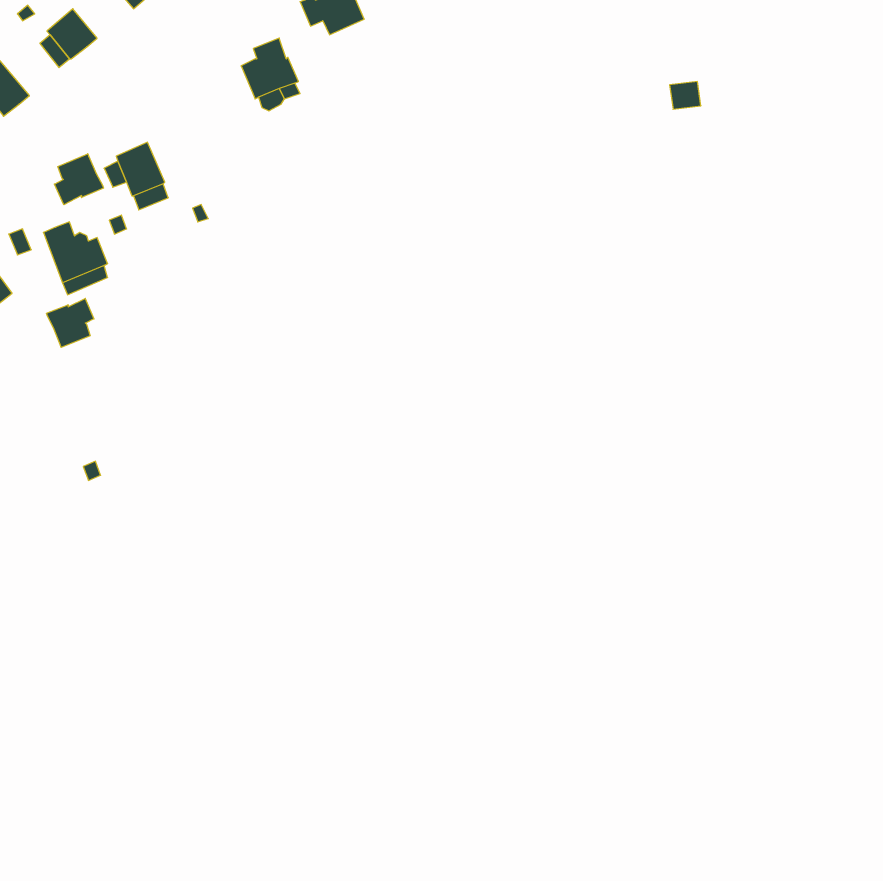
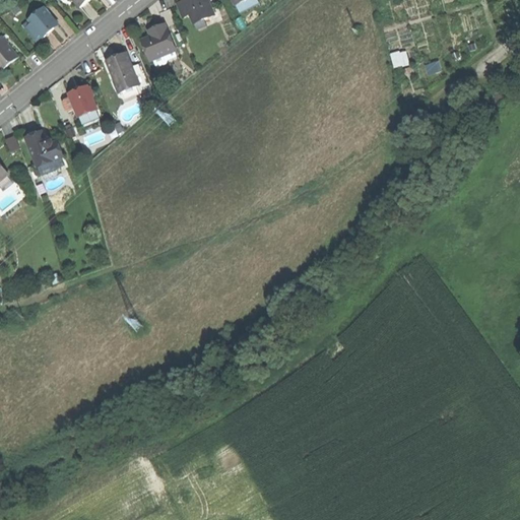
building: none -> [106,51,138,90]
building: [54,154,104,205] -> none
building: [47,298,94,347] -> none

